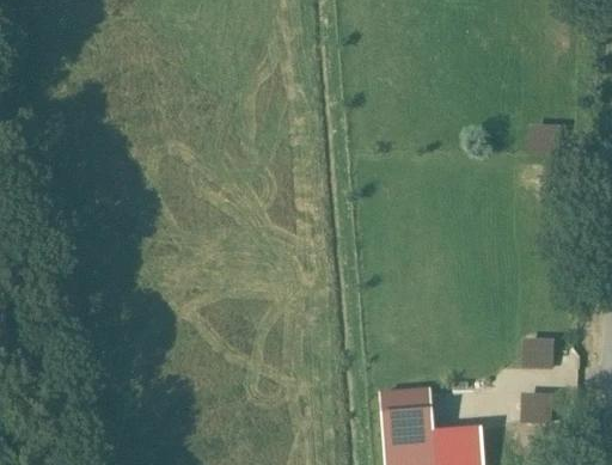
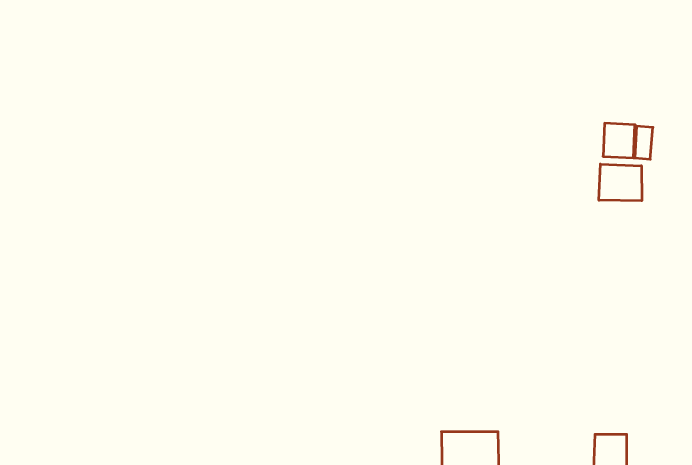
building: none -> [599,164,642,201]
building: [520,336,555,369] -> none

